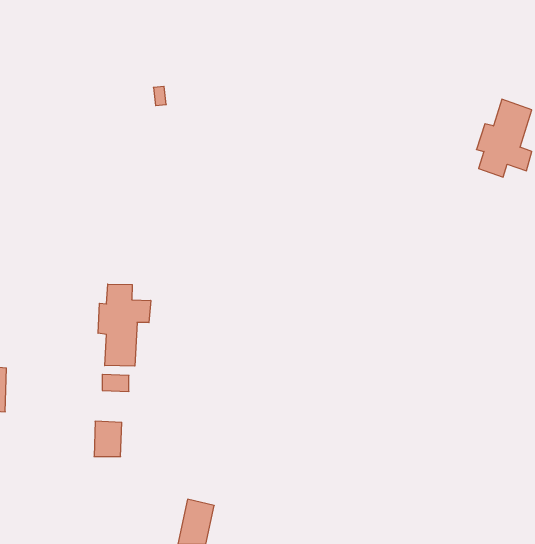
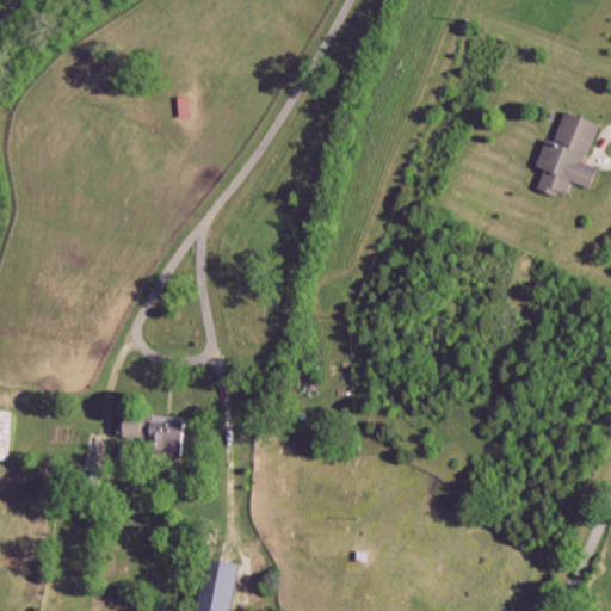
building: [98,284,151,366] -> none
building: [94,421,122,457] -> [149,418,180,457]

